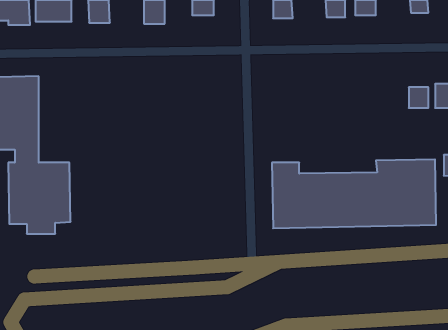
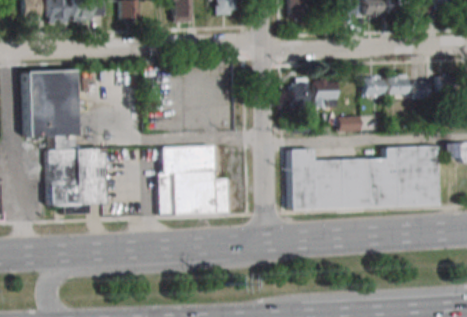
building: none -> [363,78,384,97]
building: none -> [388,78,411,100]
building: none -> [290,80,309,108]
building: none -> [314,81,336,109]
building: none -> [339,118,363,133]
building: none -> [159,148,229,216]

